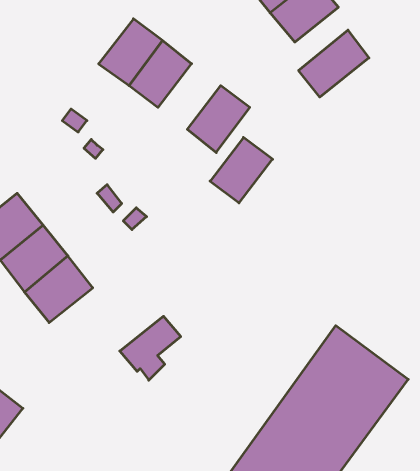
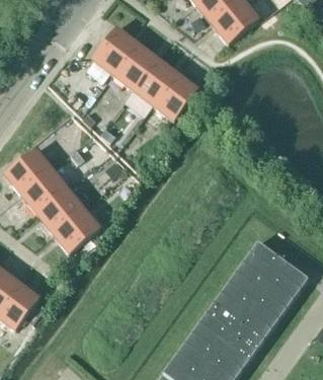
building: [299,30,369,97] -> none
building: [210,137,273,203] -> [134,59,177,104]
building: [120,316,181,380] -> [58,215,100,259]

